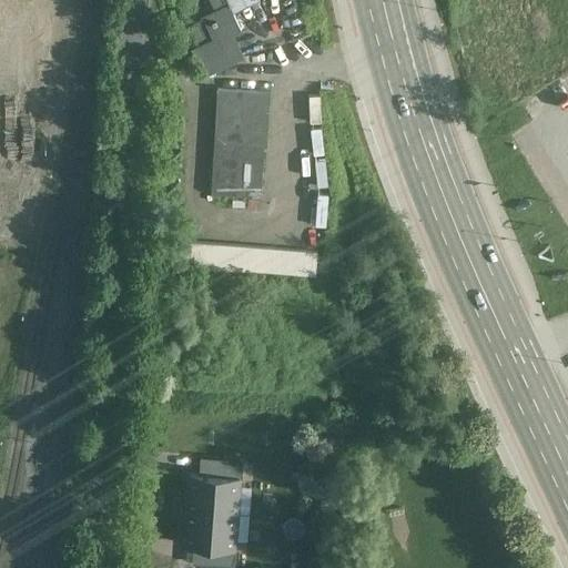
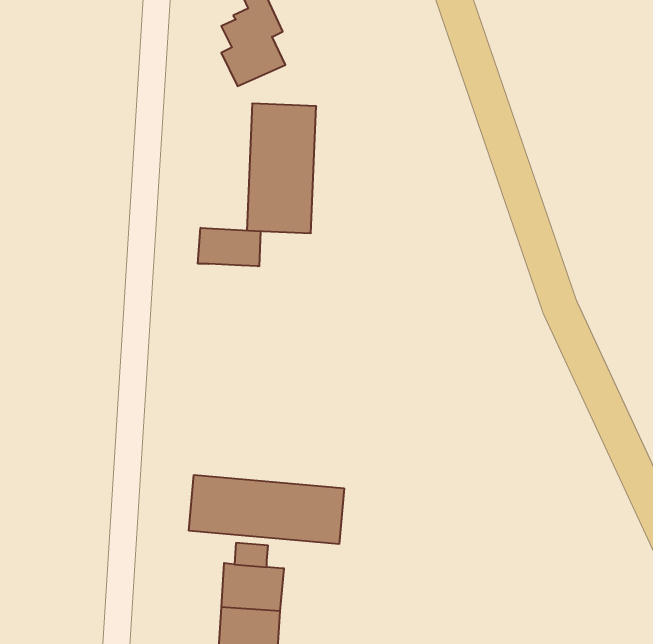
building: none -> [198,228,260,266]
building: none -> [189,475,344,544]

